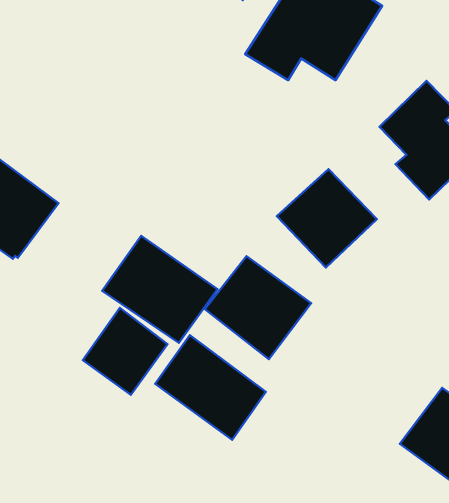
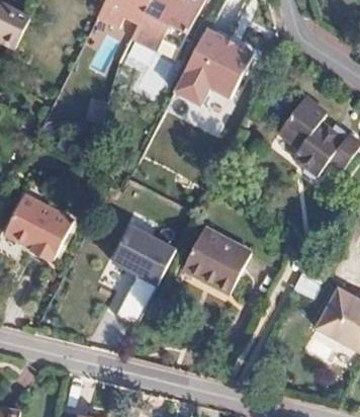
building: [277,169,377,268] -> none
building: [155,335,266,440] -> none

